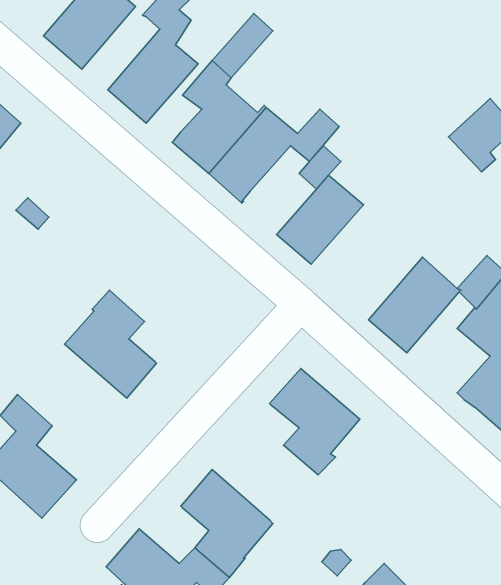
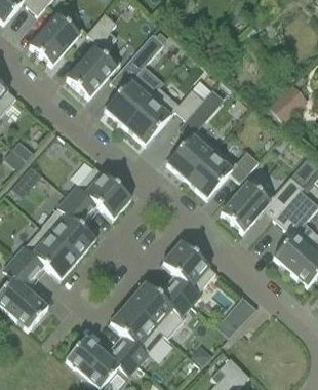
building: none -> [187,145,259,198]
building: none -> [68,165,131,219]
building: none -> [13,227,78,279]
building: none -> [128,281,191,337]
building: none -> [215,296,256,337]

